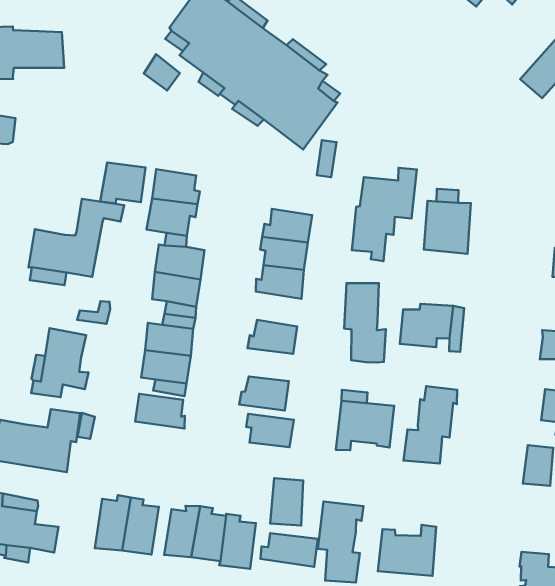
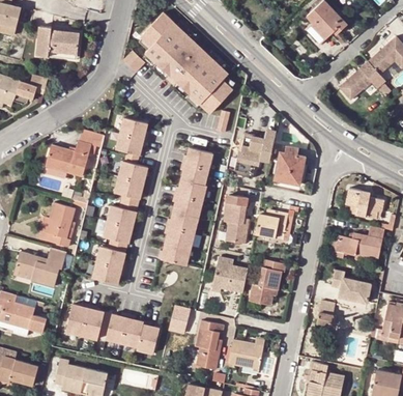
building: [100,163,146,204] -> none
building: none -> [172,194,200,217]
building: [246,414,294,447] -> [164,226,192,248]
building: none -> [92,261,124,284]
building: [260,533,318,567] -> none

